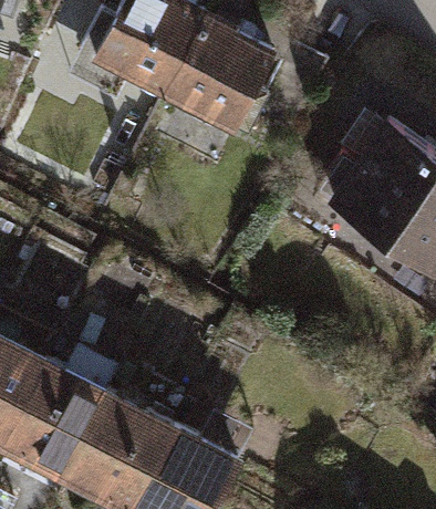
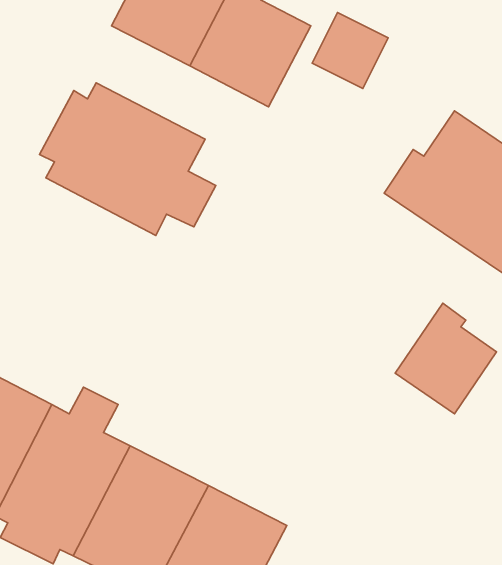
building: none -> [40,83,216,235]
building: none -> [395,303,497,414]

